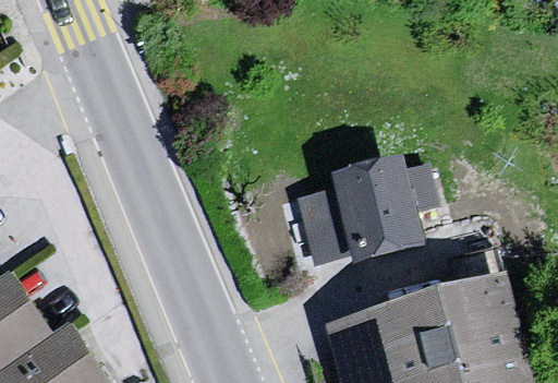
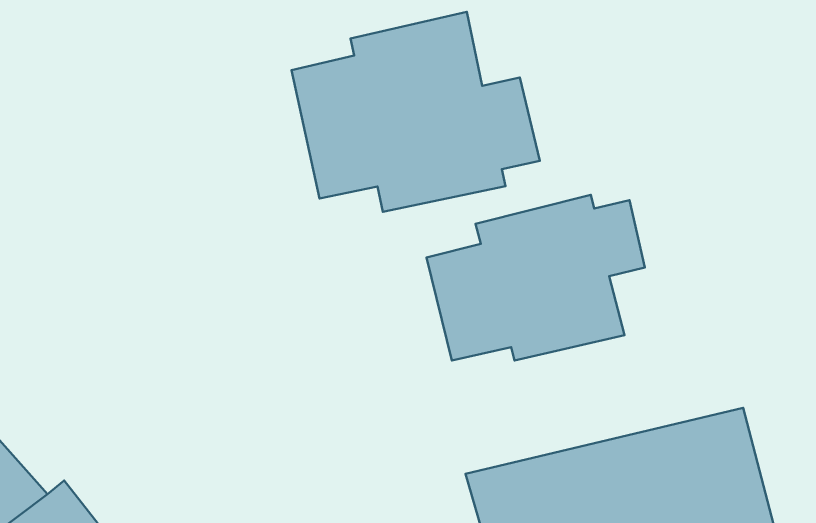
building: none -> [292,12,540,212]

